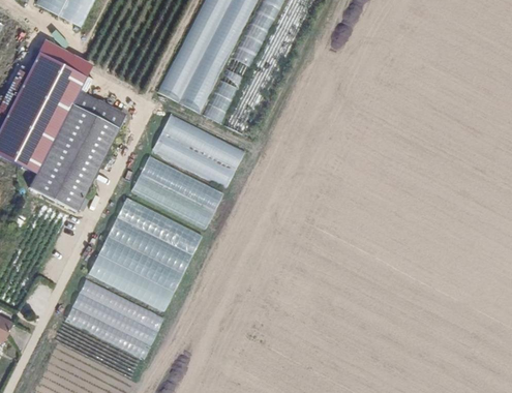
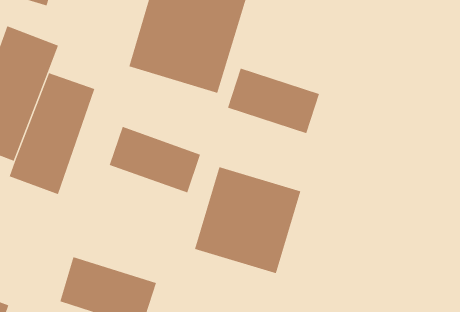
building: [150,114,244,187] -> [227,68,320,134]
building: [87,195,201,309] -> [194,167,301,274]

